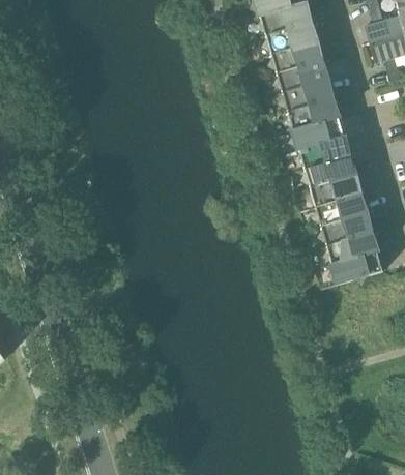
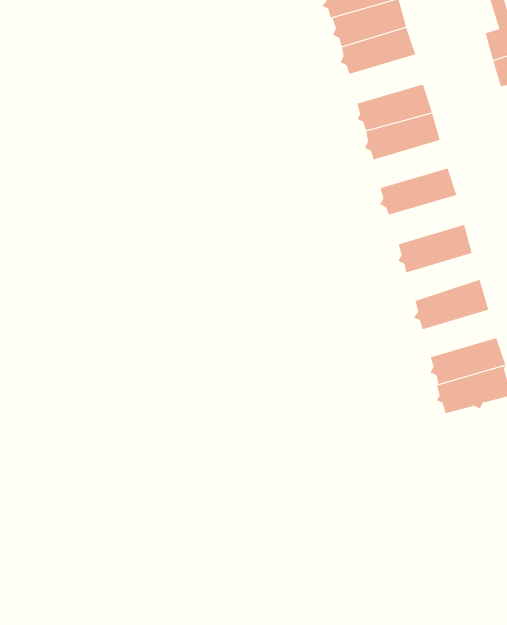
building: [272,39,323,72] -> none
building: [288,97,340,129] -> none
building: [299,135,351,168] -> none
building: [311,174,361,206] -> none
building: [322,212,373,244] -> none

